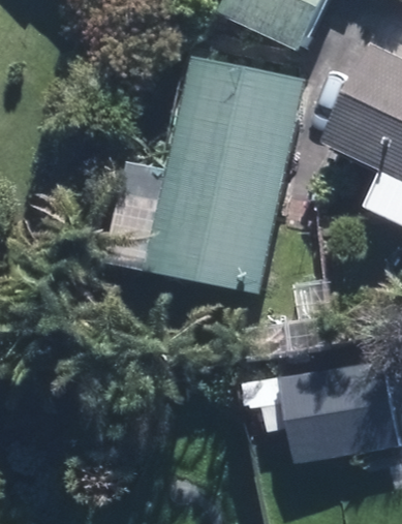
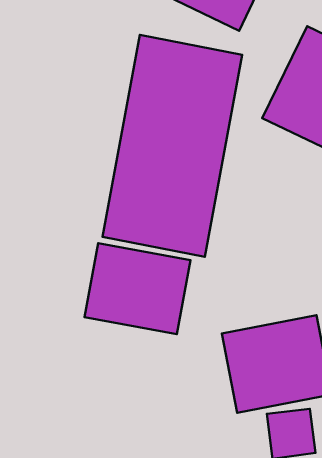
building: none -> [85,243,191,334]

